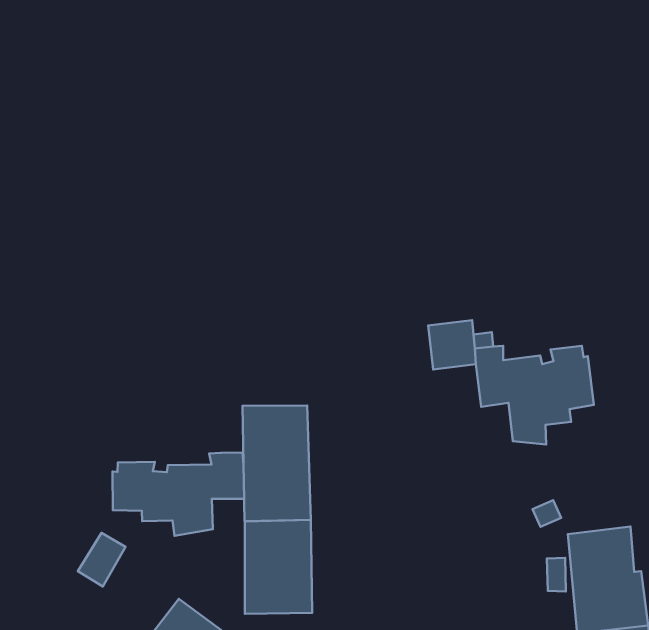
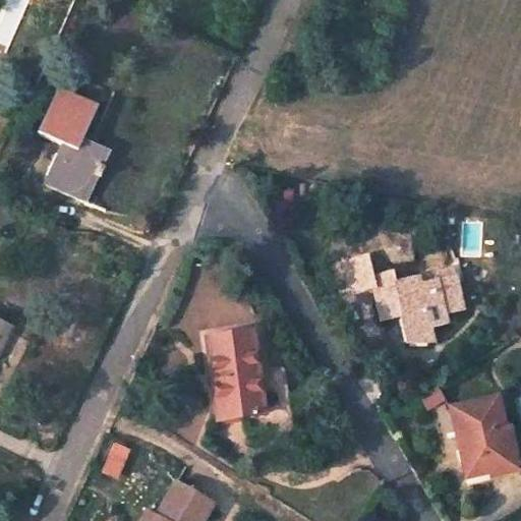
building: none -> [40,88,111,198]
building: [112,452,244,536] -> none
building: [245,520,312,614] -> none

